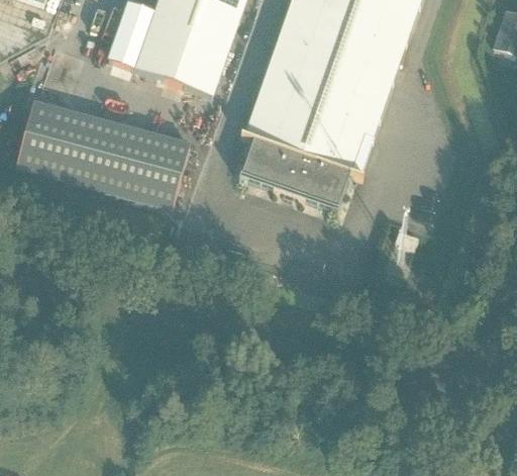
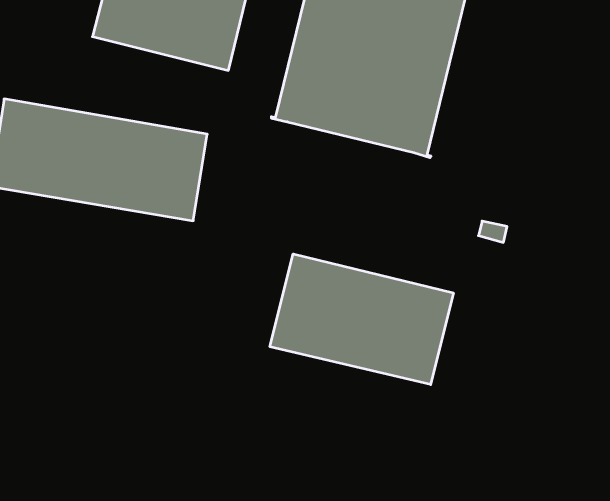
building: [240,137,351,211] -> none
building: none -> [270,254,453,385]

